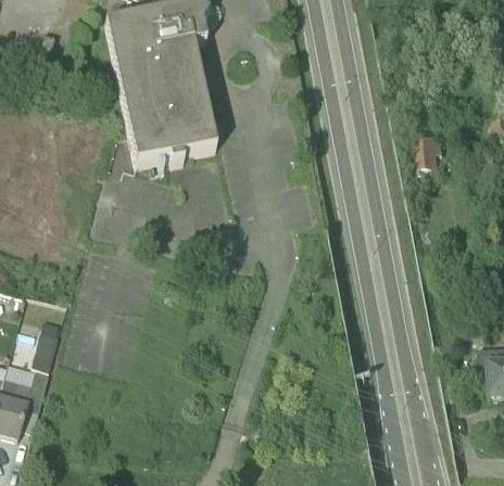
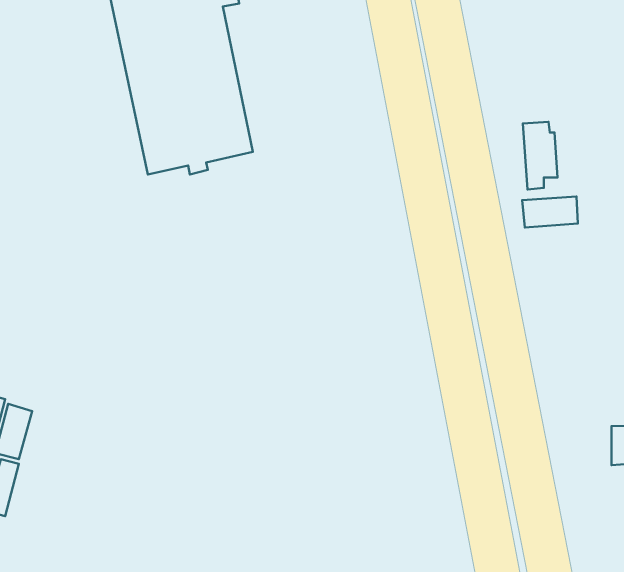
building: none -> [522,196,578,227]

